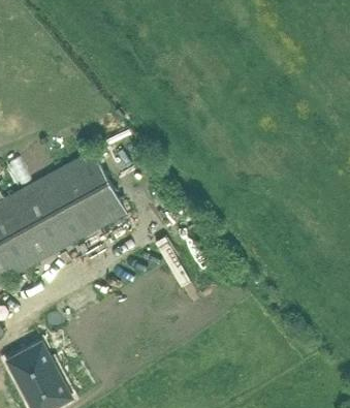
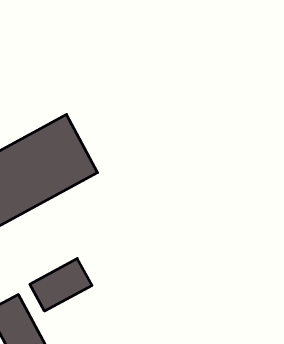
building: none -> [30,258,92,311]

